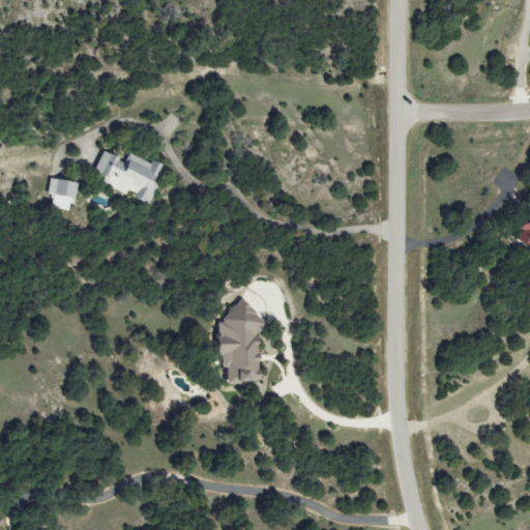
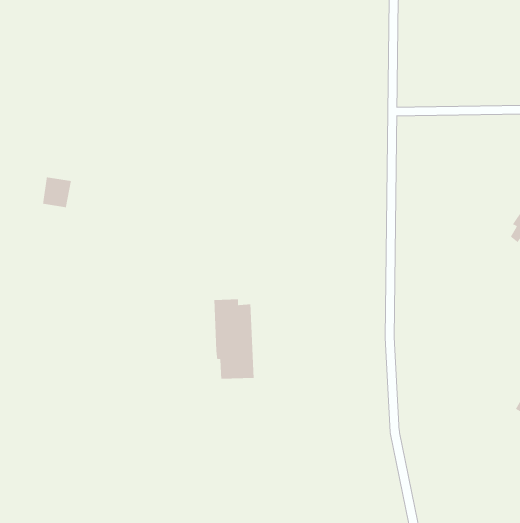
building: [92,150,163,206] -> none

